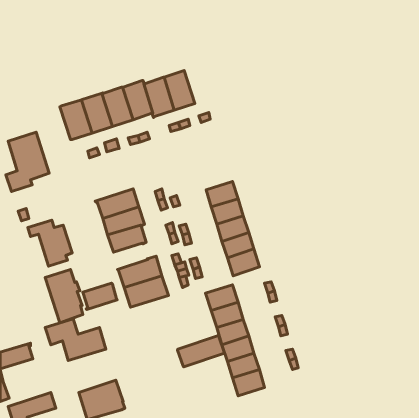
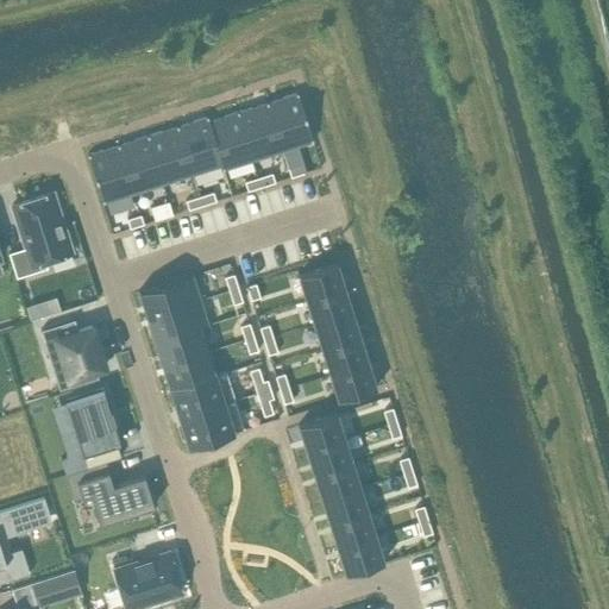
building: none -> [268,95,314,152]
building: [83,283,117,310] -> [165,354,215,393]
building: [177,335,225,367] -> none

